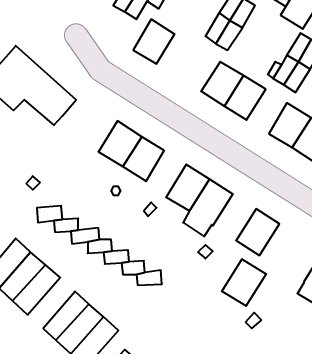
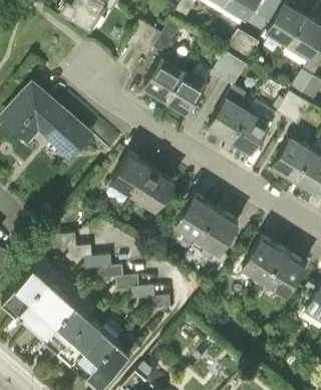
building: none -> [168,72,206,115]
building: [222,259,266,306] -> [265,252,307,297]
building: none -> [43,304,90,353]

